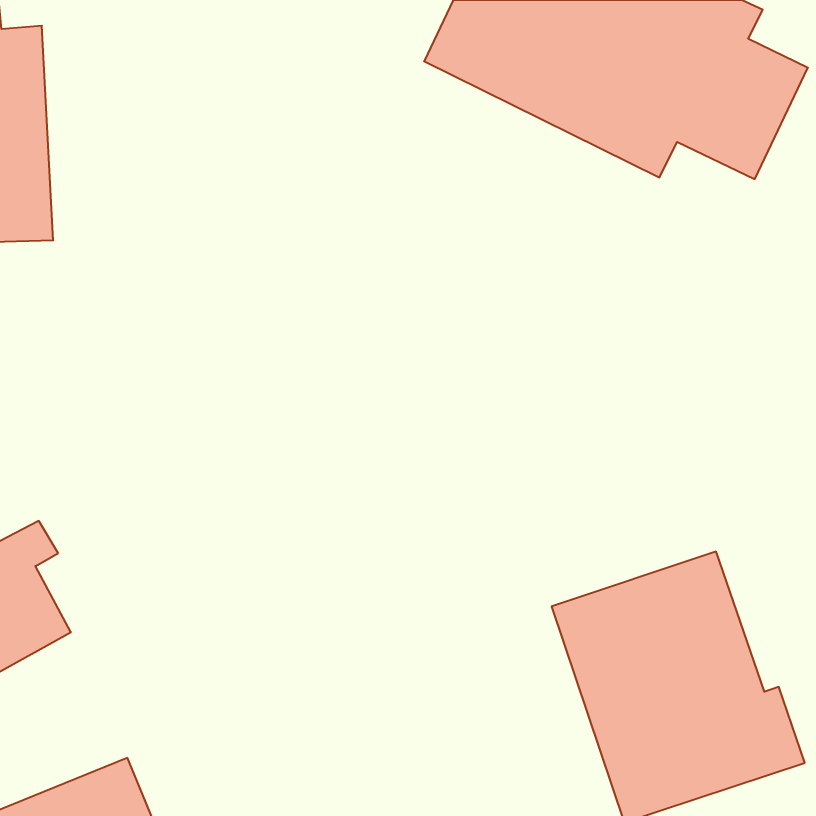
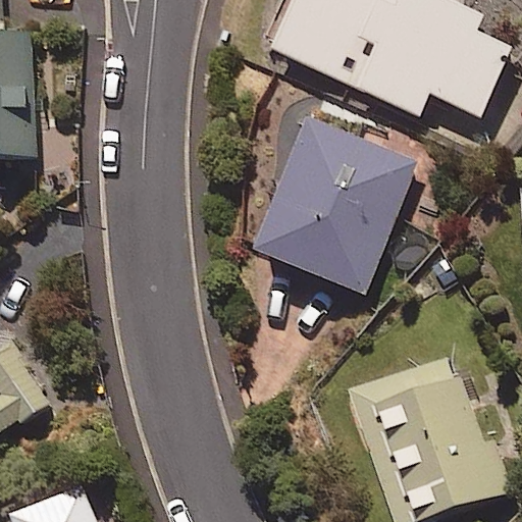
building: none -> [253,115,418,293]

